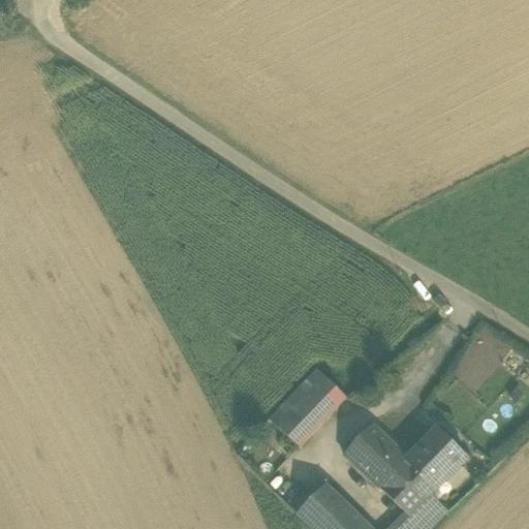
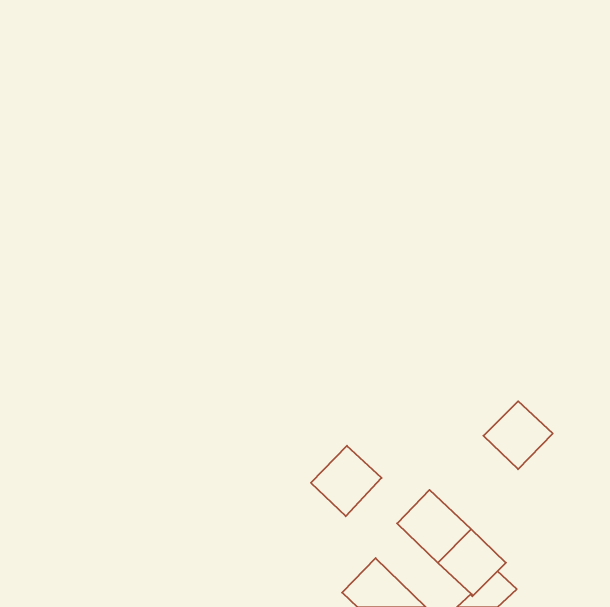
building: [300,368,346,413] -> none
building: [407,428,467,487] -> [483,401,553,469]

